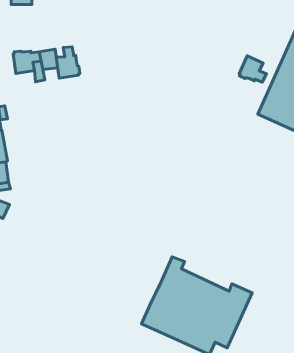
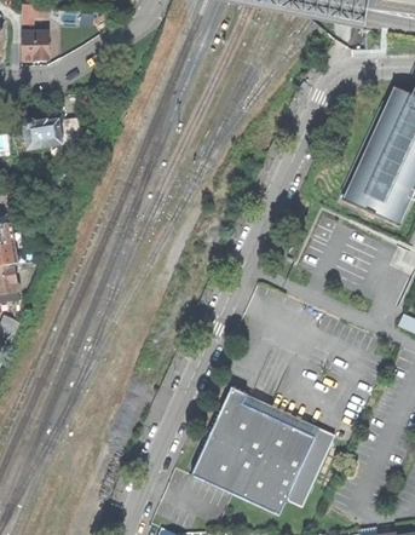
building: [56,47,80,78] -> none
building: [239,56,266,82] -> none

